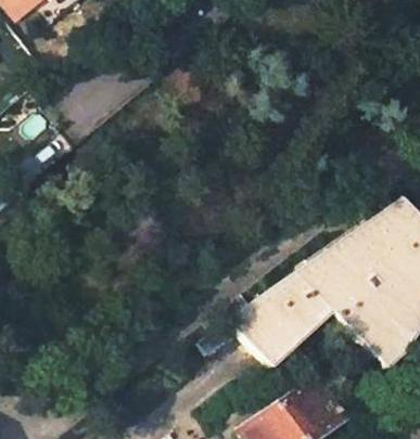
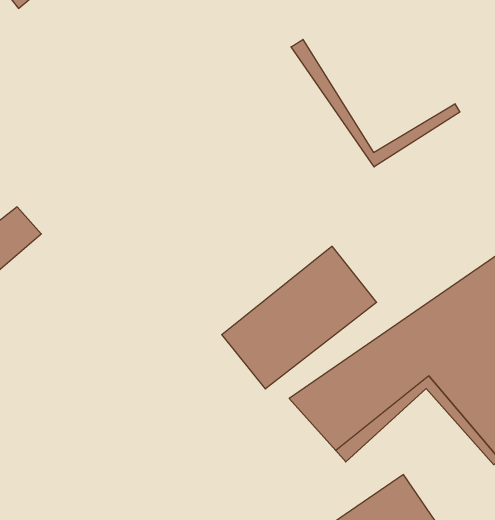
building: none -> [291,39,460,167]
building: none -> [222,246,377,389]

